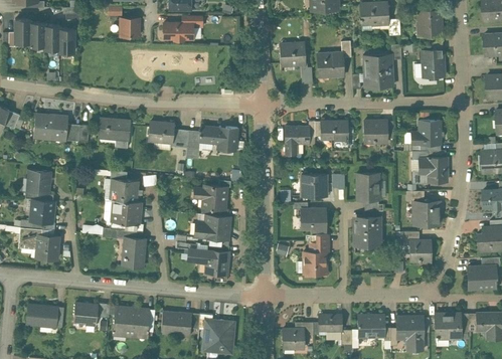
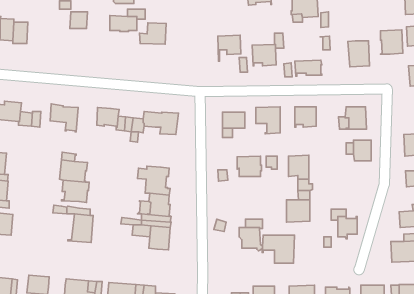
building: [417,10,442,36] -> [380,30,403,54]
building: none -> [140,23,166,44]
building: [362,54,391,71] -> none
building: [412,201,440,225] -> none
building: [300,209,326,231] -> none
building: none -> [262,235,295,263]

